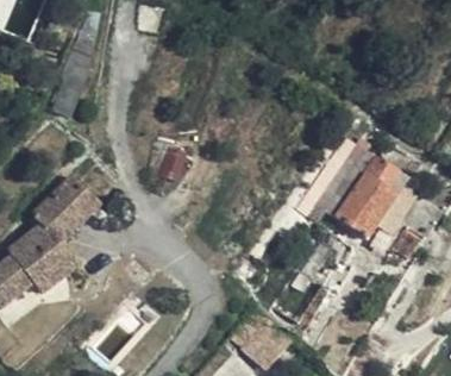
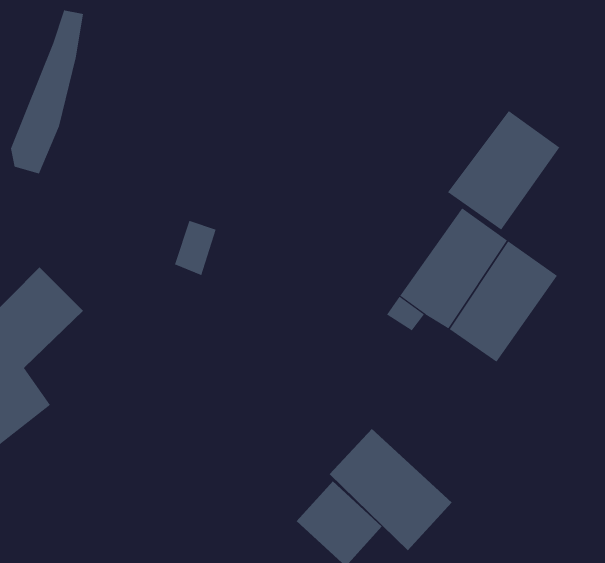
building: none -> [447,110,560,231]
building: none -> [329,428,452,551]

